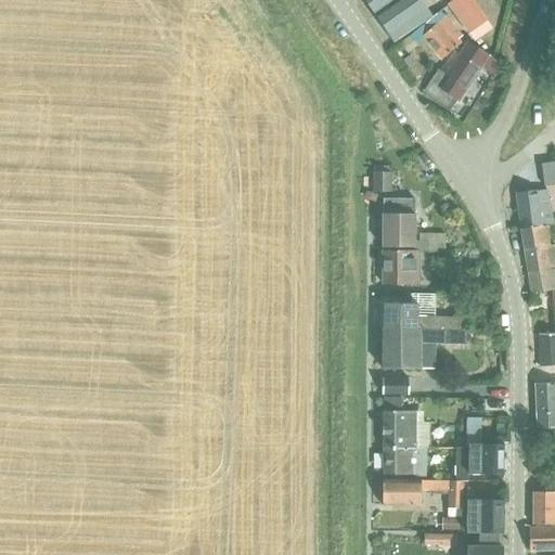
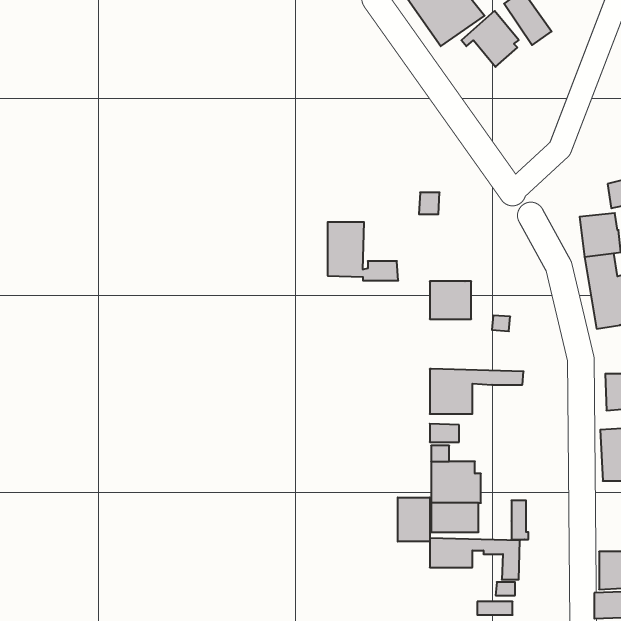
building: [423,42,488,111] -> none
building: [384,198,447,250] -> [328,222,398,281]
building: [385,304,467,331] -> none
building: none -> [398,497,430,542]
building: [469,443,504,474] -> none
building: [467,500,504,544] -> none

